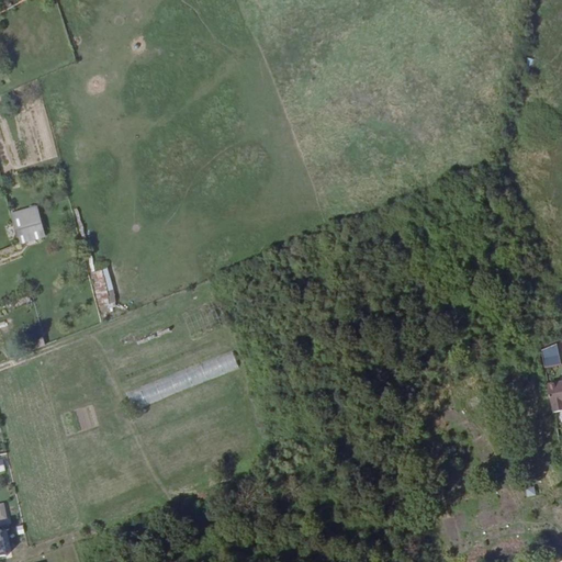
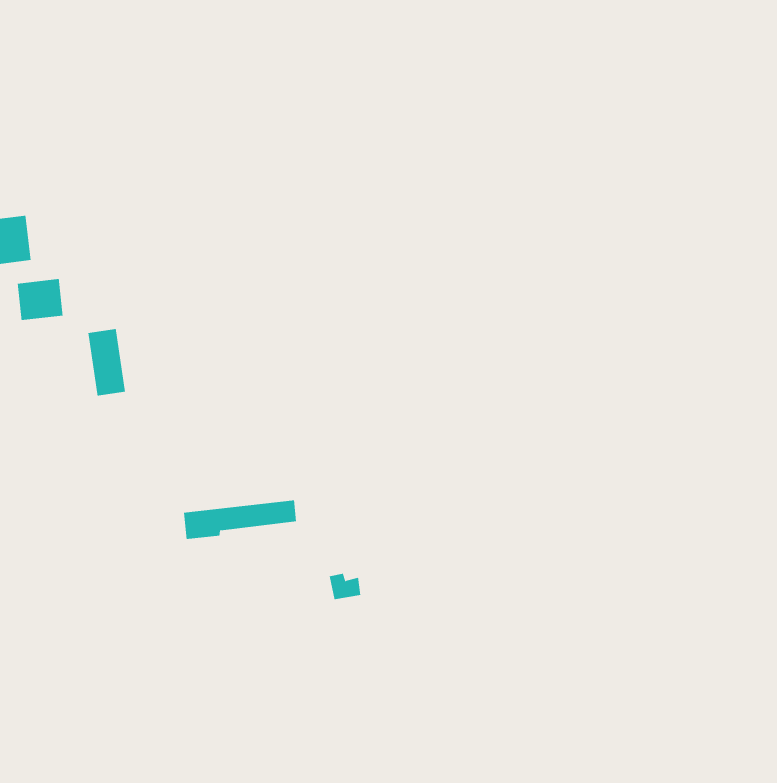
building: none -> [17,278,63,321]

